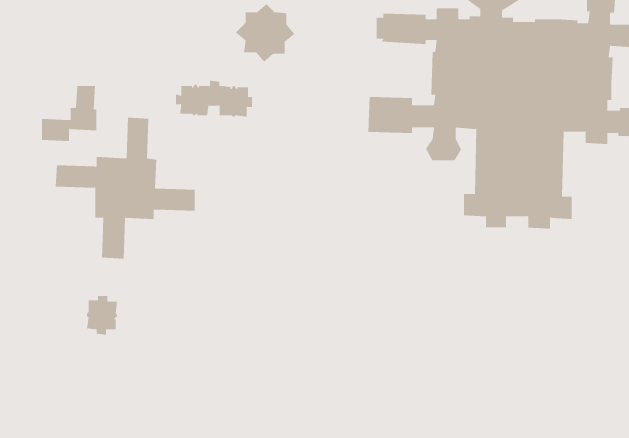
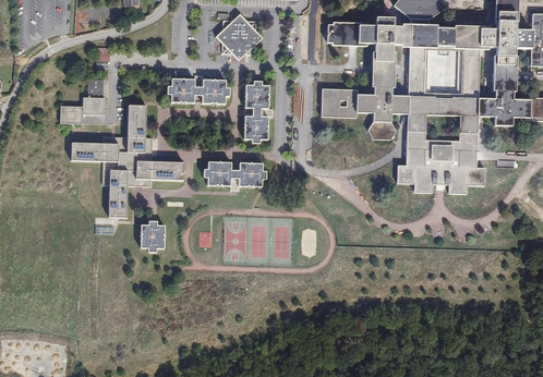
building: none -> [244,81,274,143]
building: none -> [203,160,266,190]
building: [86,296,118,335] -> [140,220,165,252]

